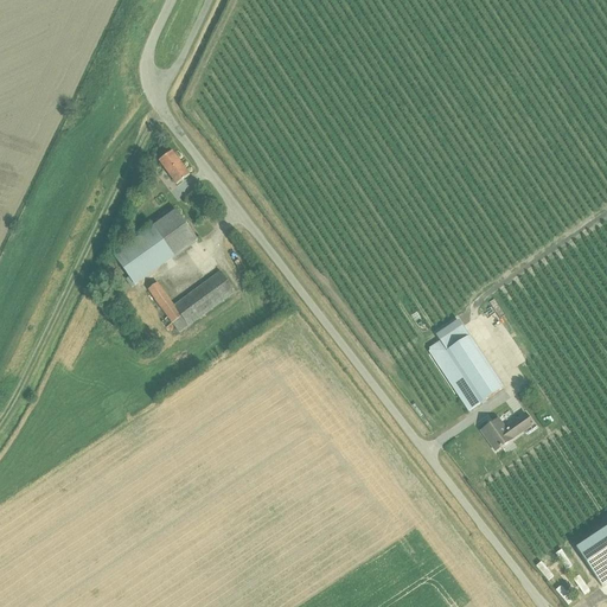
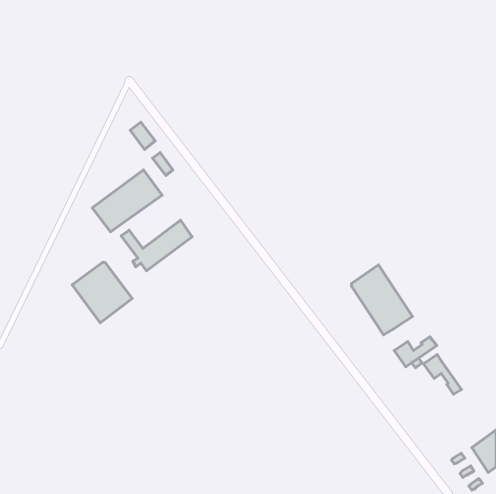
building: none -> [72,262,132,323]
building: none -> [423,355,461,394]

